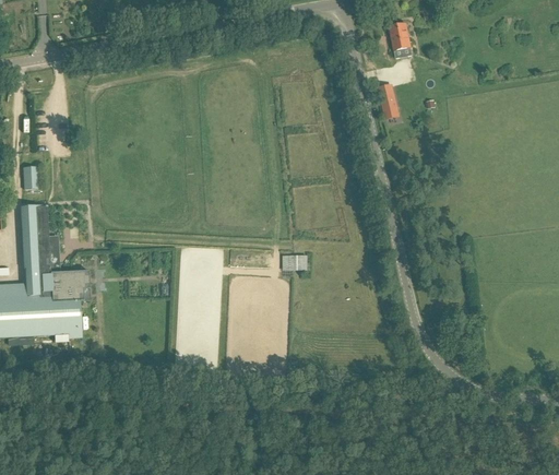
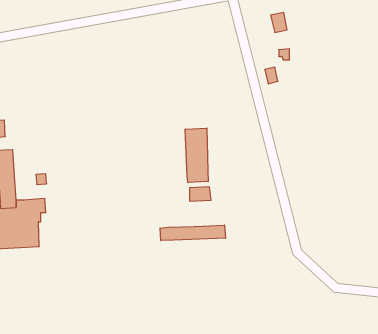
building: none -> [185,128,208,183]
building: none -> [160,225,225,241]

